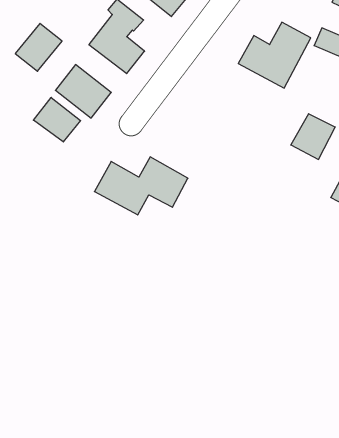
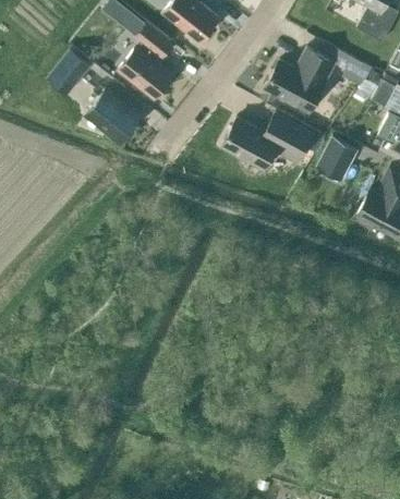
building: [33,97,81,142] -> none
building: [94,157,188,215] -> [221,111,313,168]

